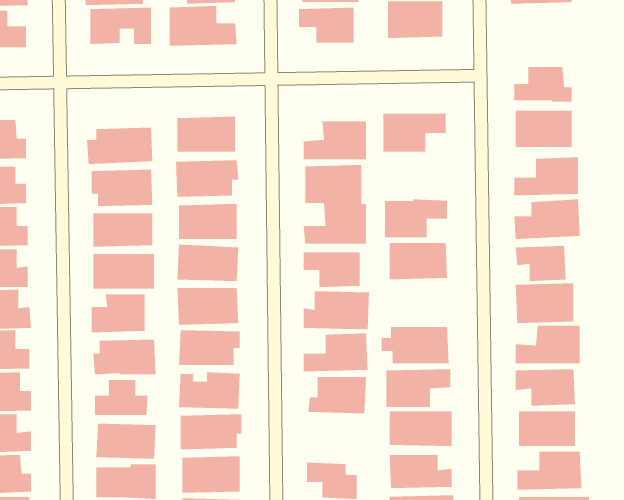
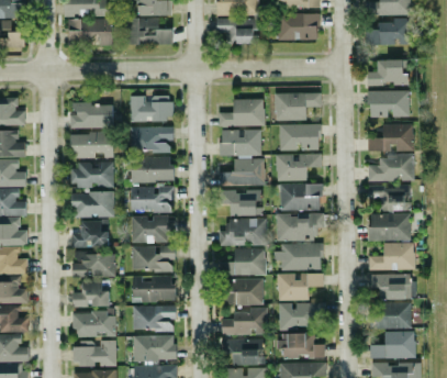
building: none -> [366,19,410,46]
building: none -> [279,124,321,151]
building: none -> [276,213,324,242]
building: none -> [221,309,264,336]

